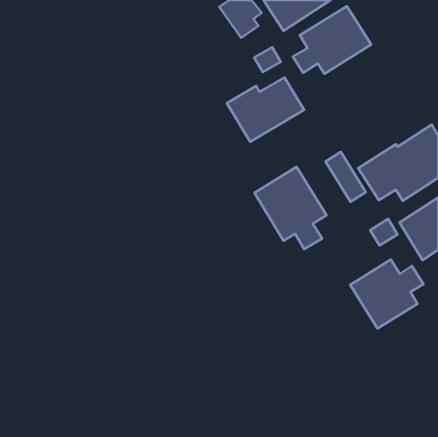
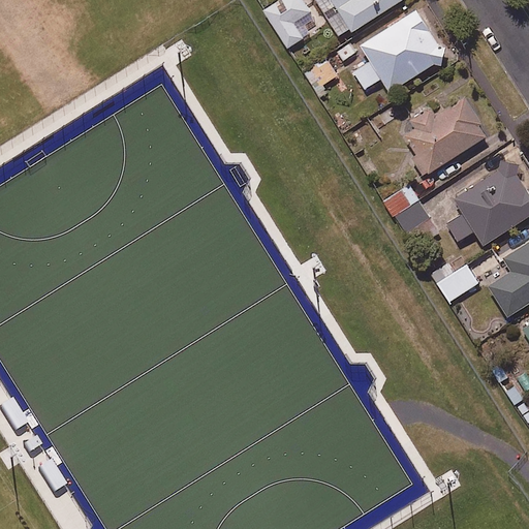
building: [227,77,304,142] -> [396,97,489,175]
building: [254,167,326,249] -> none
building: [350,259,423,328] -> none

